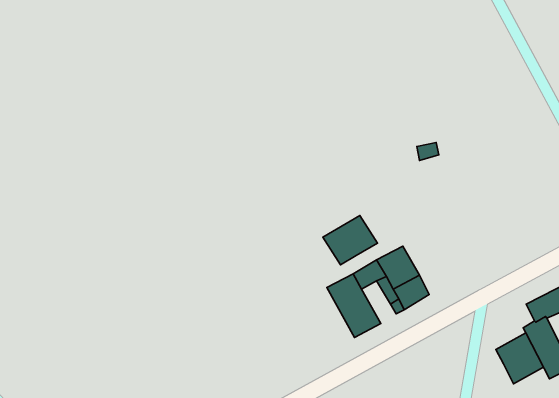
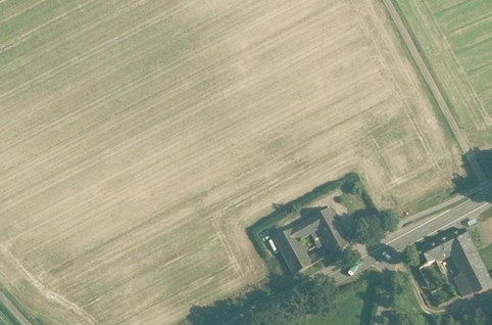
building: [323,216,378,265] -> none
building: [496,333,544,384] -> none

